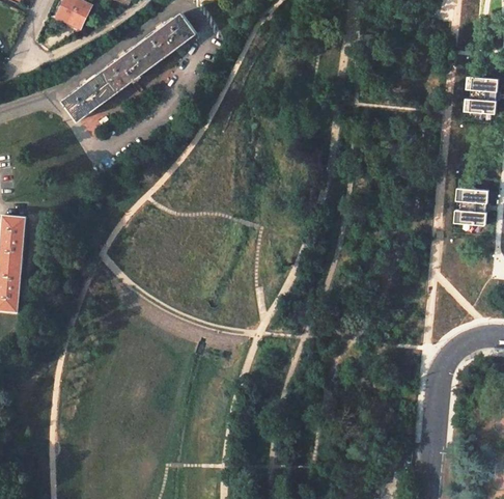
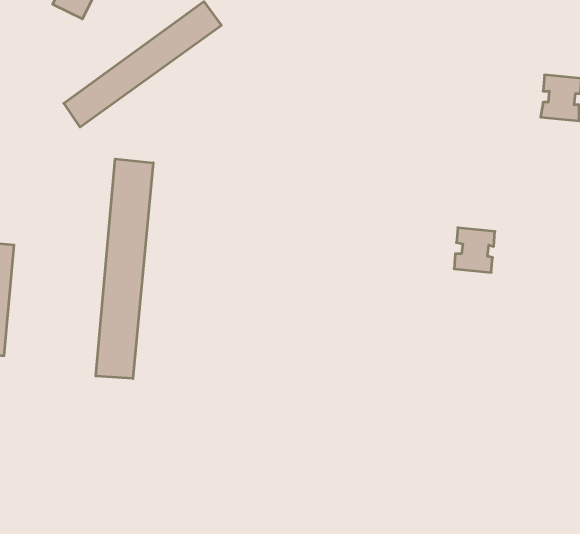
building: none -> [96,159,153,379]
building: [454,188,488,225] -> [454,228,495,272]

